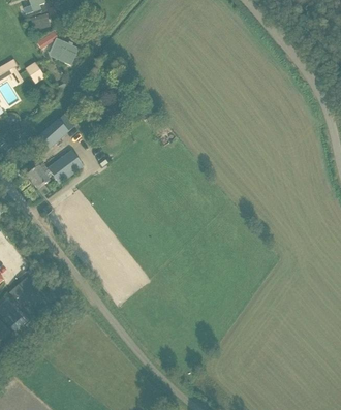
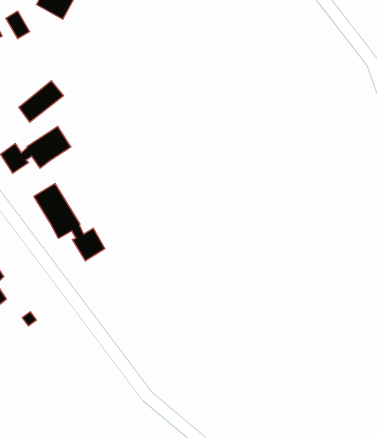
building: none -> [34,183,105,261]

